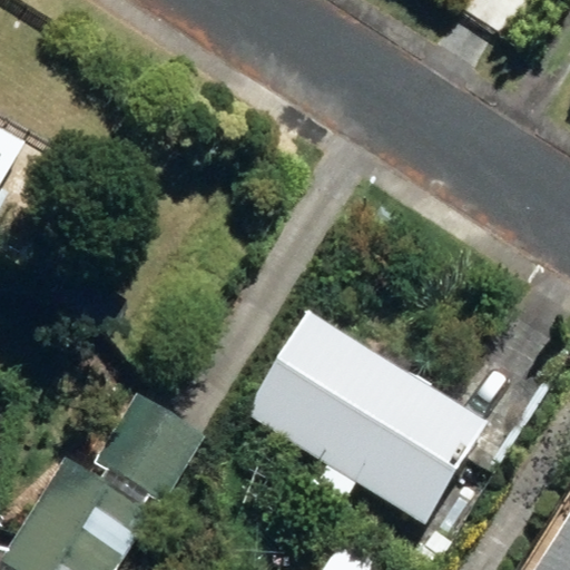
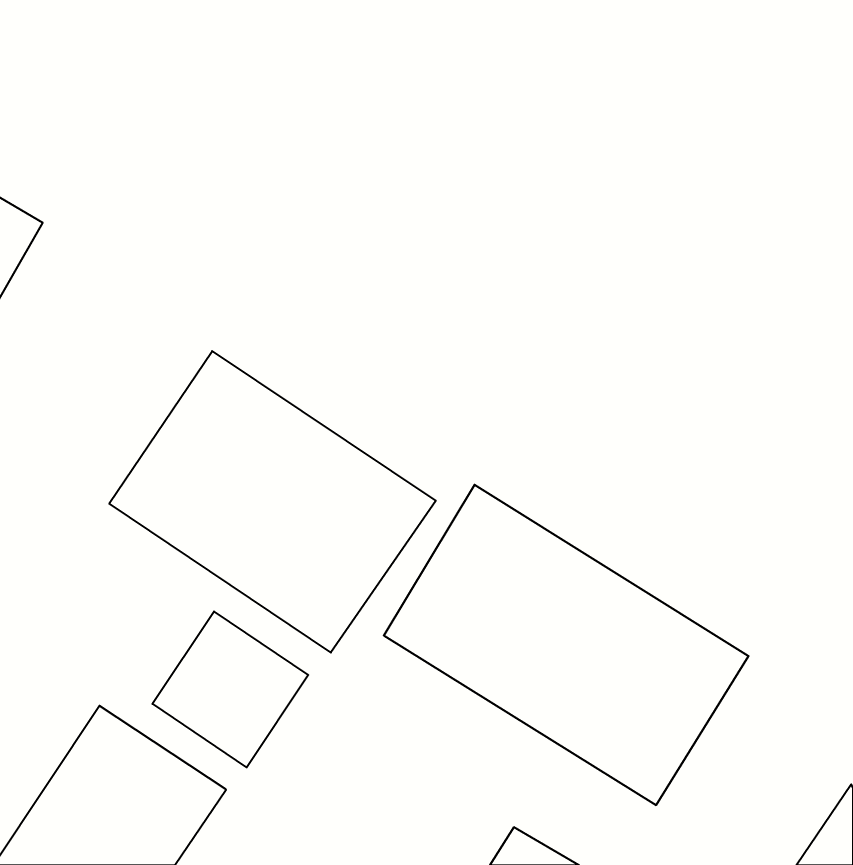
building: none -> [109,351,436,653]

